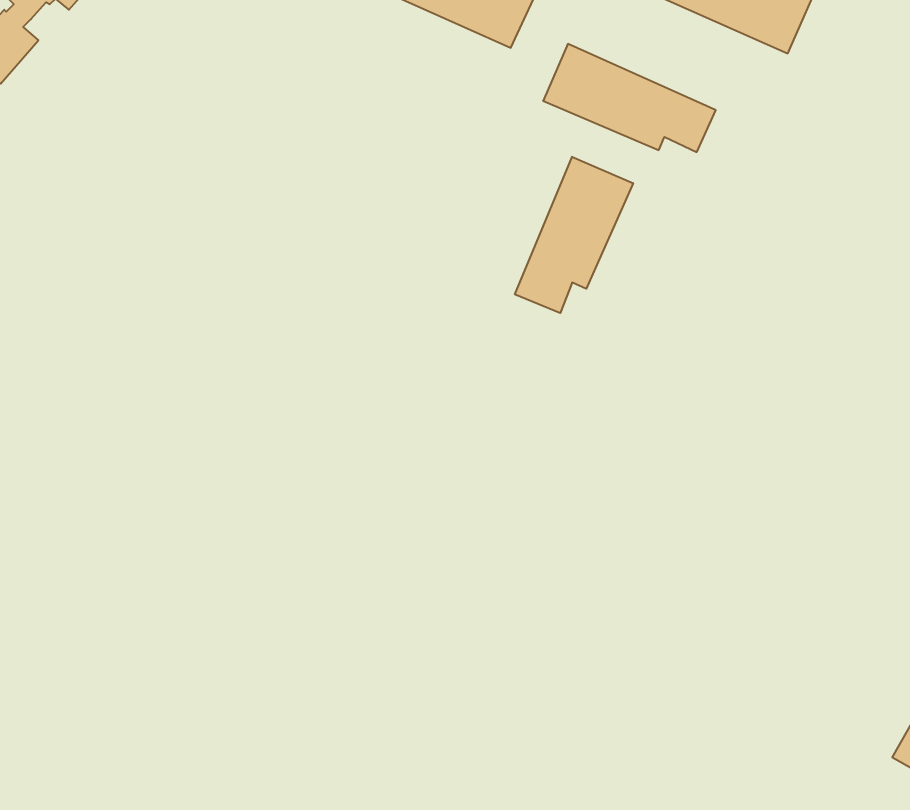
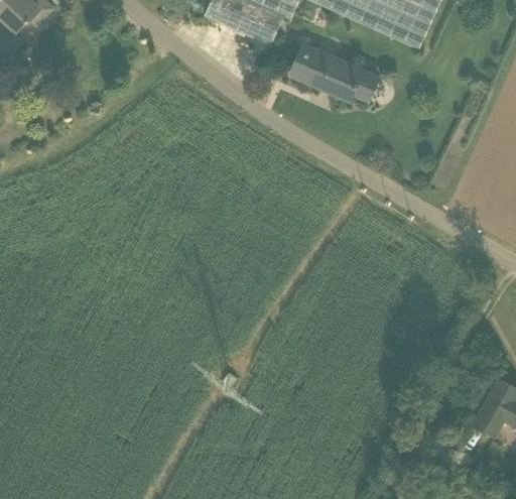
building: [515,157,633,313] -> none

